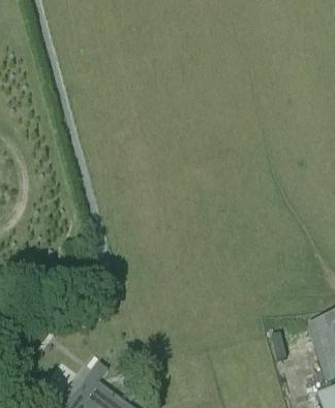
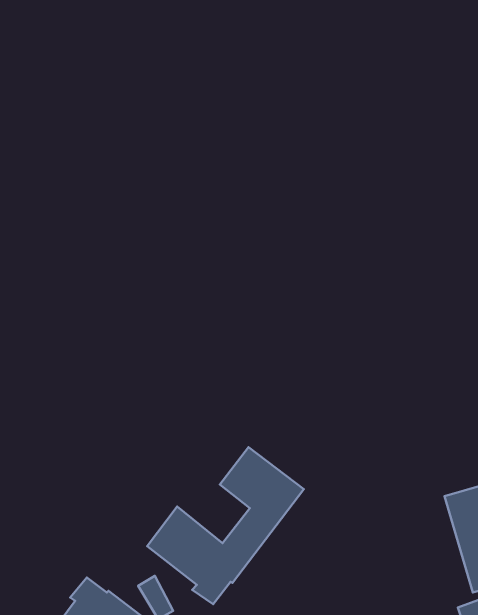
building: none -> [147,447,304,604]

